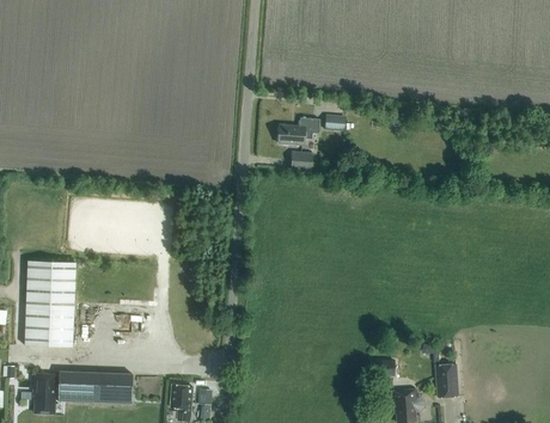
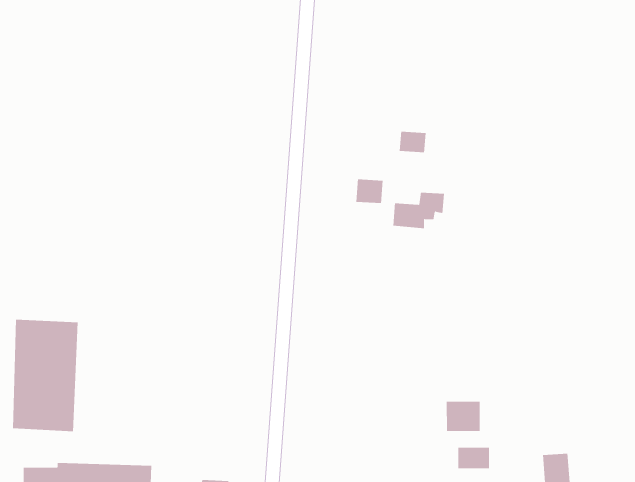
building: [280,117,320,146] -> [392,192,445,229]
building: none -> [446,401,480,432]

